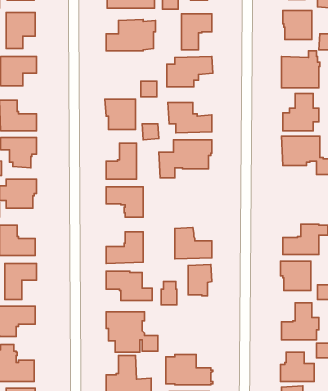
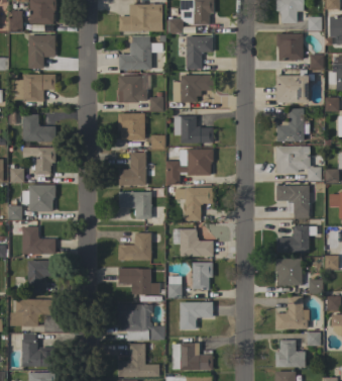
building: none -> [117,76,147,103]
building: none -> [276,186,309,218]
building: none -> [175,188,212,220]
building: none -> [180,302,213,329]

